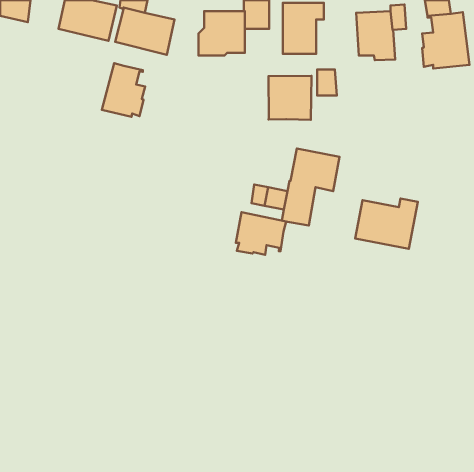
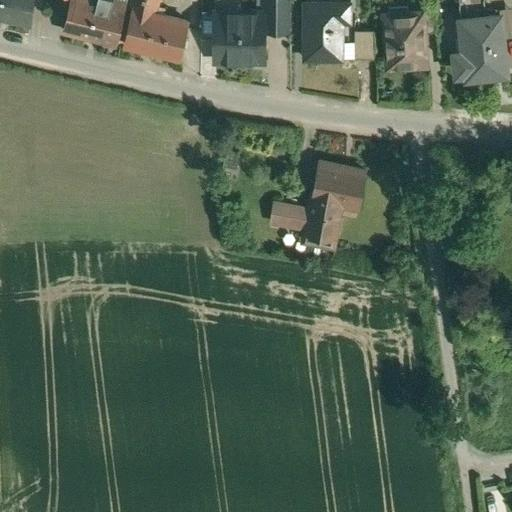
building: [102,63,145,117] -> none
building: [317,70,337,96] -> [354,32,375,60]
building: [269,76,312,120] -> none
building: [355,199,418,249] -> none
building: [236,212,286,255] -> none

